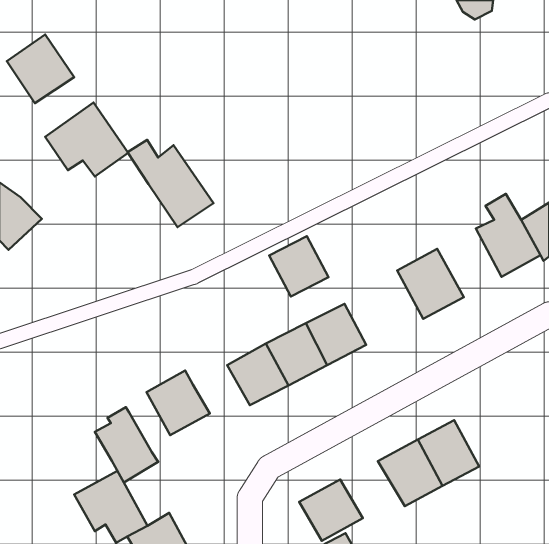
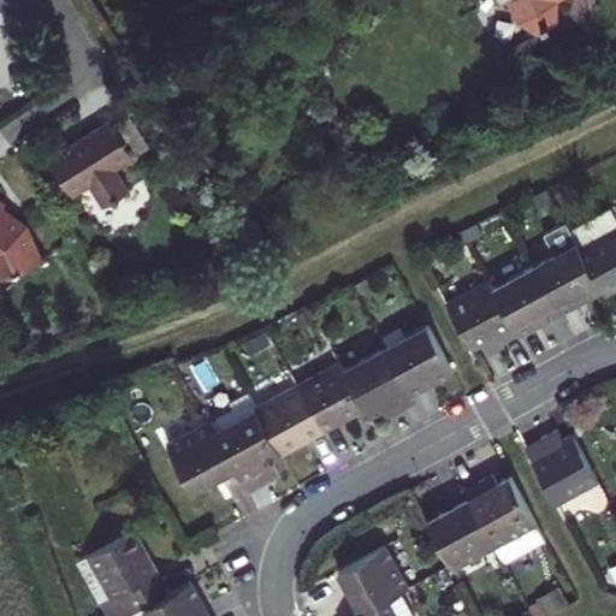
building: [7,34,74,103] -> none
building: [128,140,214,227] -> none
building: none -> [488,262,561,339]
building: [269,236,328,296] -> [385,325,451,392]
building: none -> [525,434,599,510]
building: [95,407,158,482] -> [215,409,286,493]

